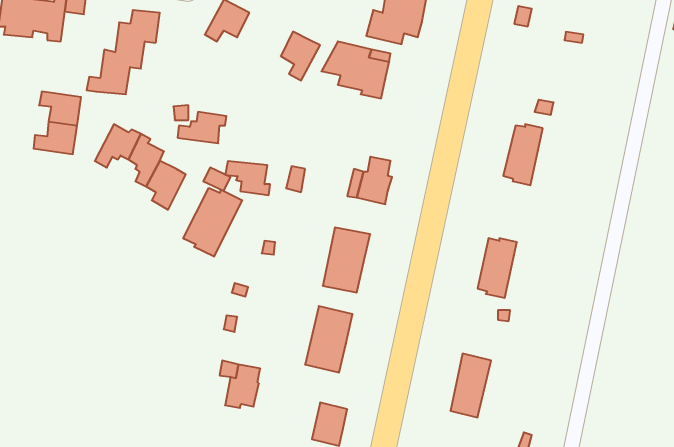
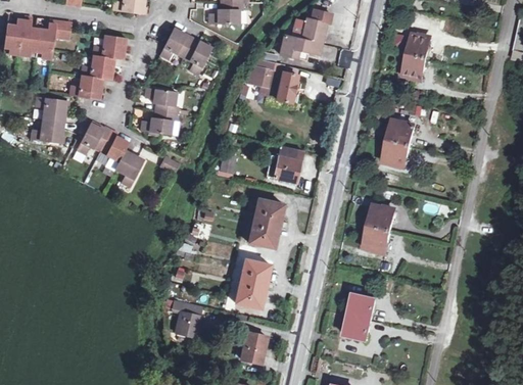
building: none -> [403,37,430,80]
building: [281,32,320,81] -> [184,38,213,75]
building: [225,161,270,195] -> [143,90,177,115]
building: [183,188,242,257] -> none

